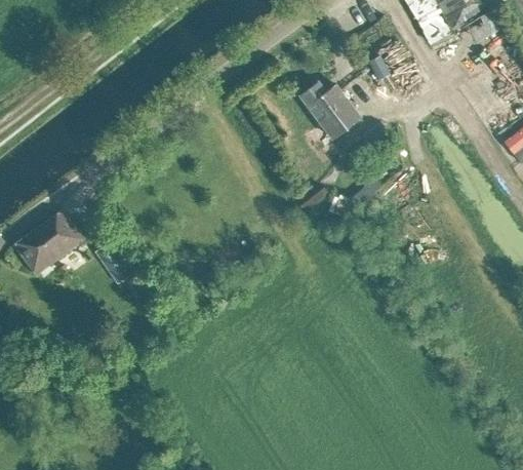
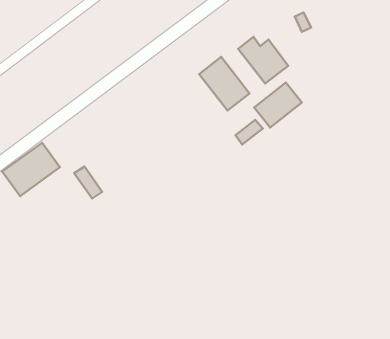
building: none -> [199,57,250,111]
building: none -> [254,82,302,128]

